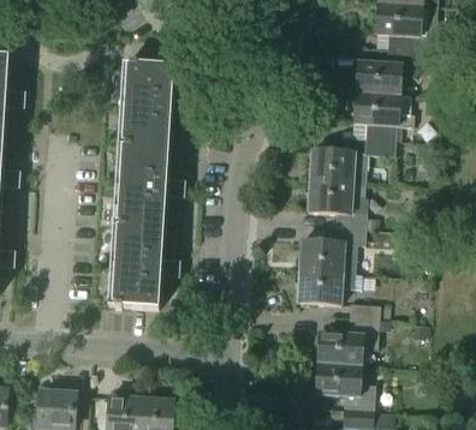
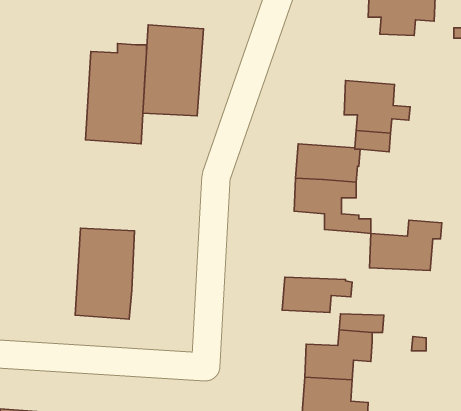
building: [355,49,417,95] -> none
building: [113,145,168,228] -> [143,25,204,116]
building: [299,227,365,273] -> [369,220,442,270]

